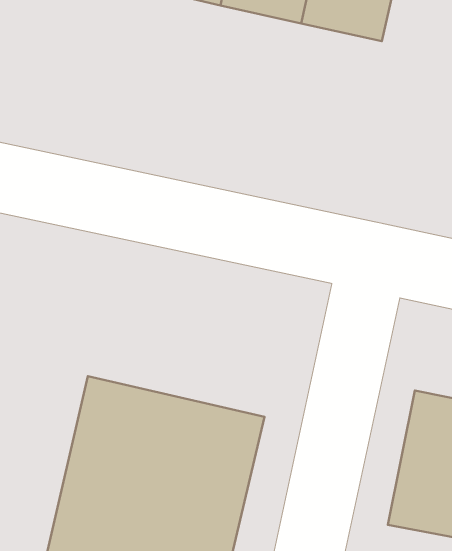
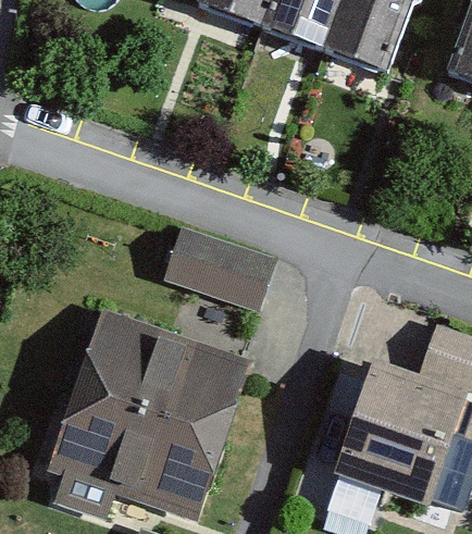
building: none -> [163,228,273,305]

